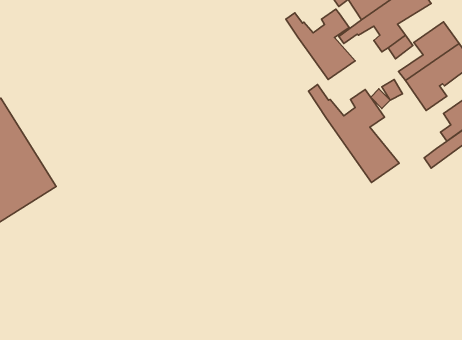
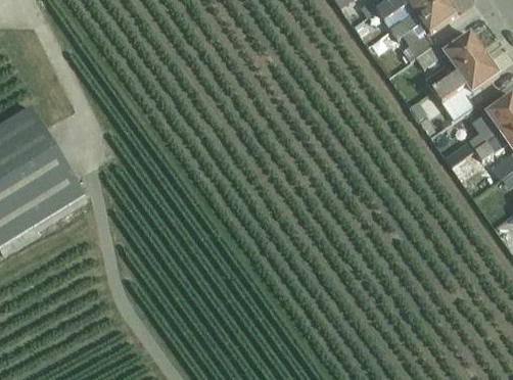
building: [286,9,355,80] -> none
building: [308,85,399,182] -> none

